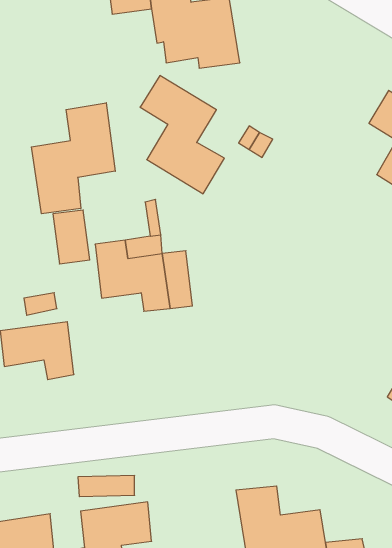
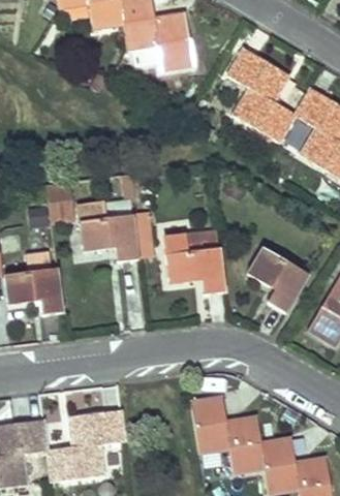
building: [140,76,224,194] -> [228,48,295,141]
building: [31,103,115,214] -> none
building: none -> [162,230,223,293]
building: none -> [249,248,308,313]

